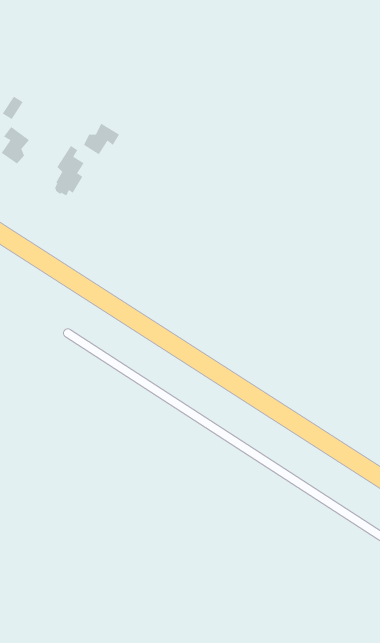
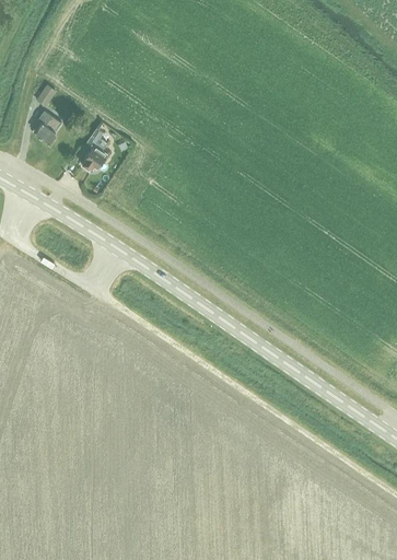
building: [83,123,120,155] -> none

